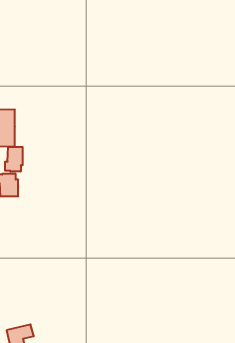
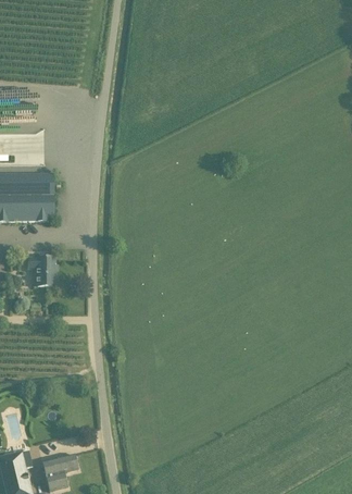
building: [5,147,23,172] -> none

